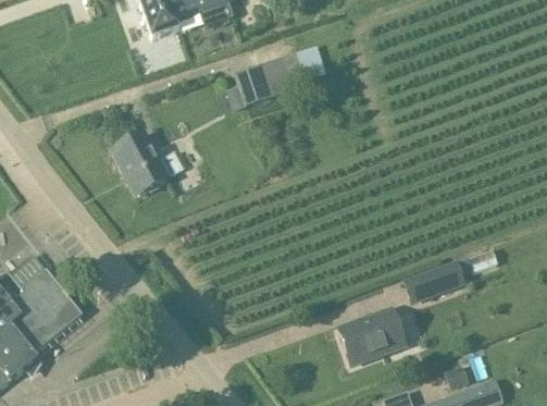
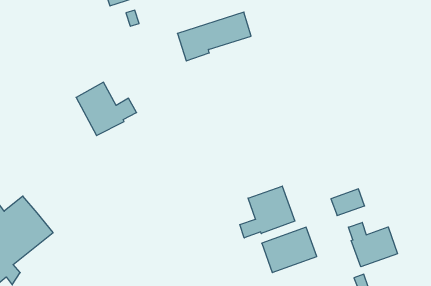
building: none -> [240,186,295,238]
building: none -> [348,222,398,267]

